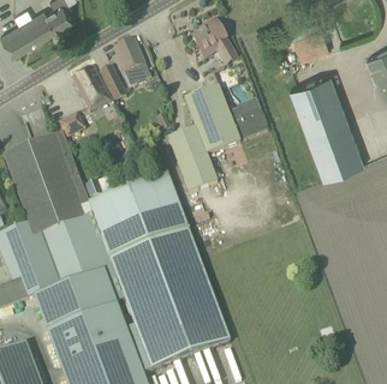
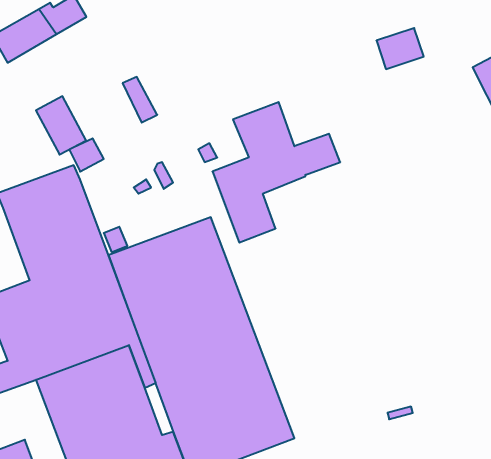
building: [192,18,237,62] -> none
building: [114,37,151,85] -> none
building: [72,65,111,109] -> [36,96,86,155]
building: [290,72,364,178] -> none

